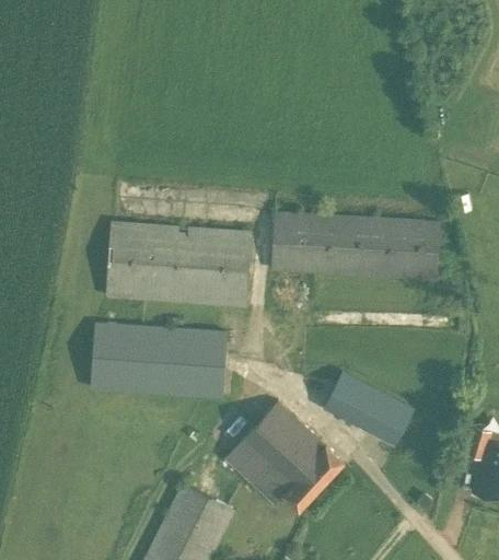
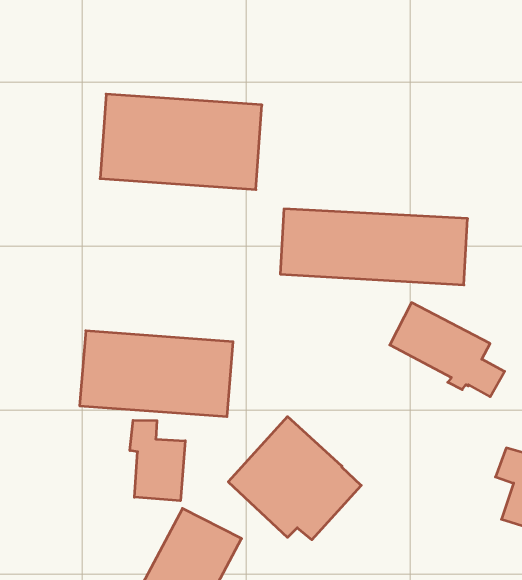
building: [106,221,253,307] -> [100,94,262,190]
building: [324,371,428,456] -> [390,303,505,397]
building: none -> [130,420,185,501]

